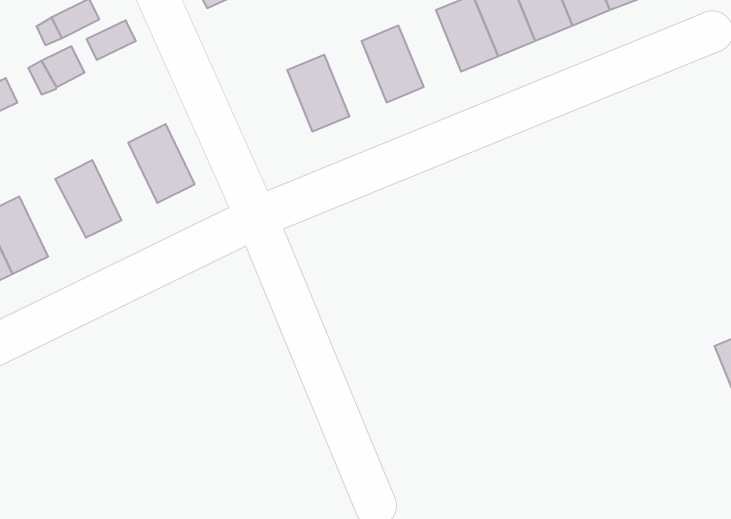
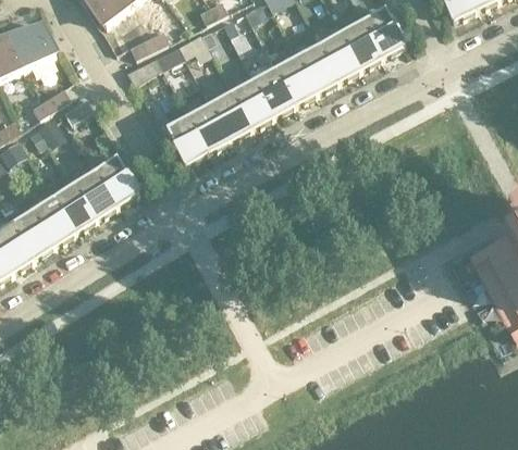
building: none -> [252,67,294,115]
building: none -> [209,91,250,138]
building: none -> [165,114,207,163]
building: none -> [74,170,116,217]
building: none -> [32,197,75,245]

